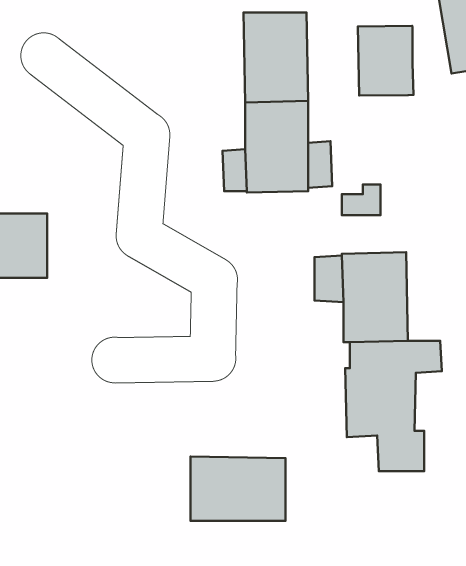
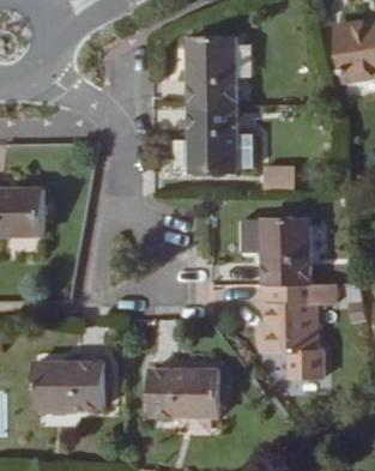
building: [358,26,414,96] -> none
building: none -> [31,361,103,407]

